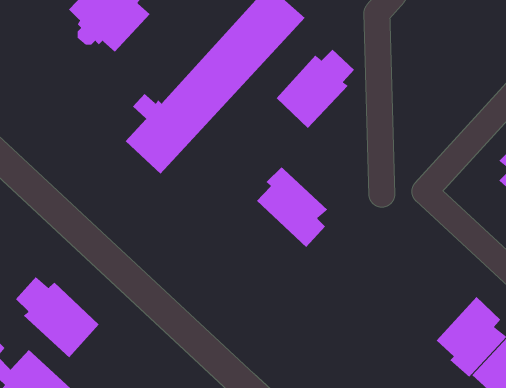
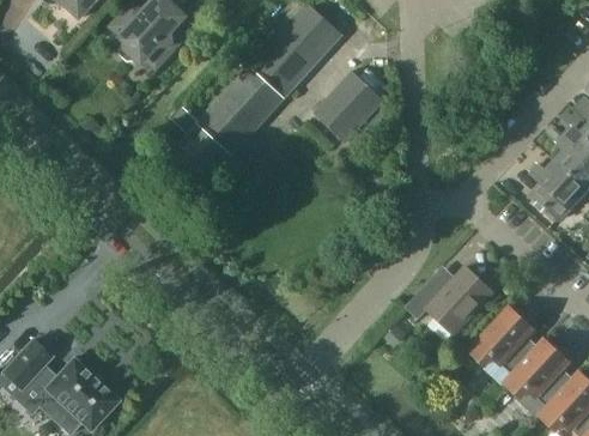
building: [256,167,328,248] -> none
building: none -> [405,266,493,333]
building: [15,276,100,358] -> none

